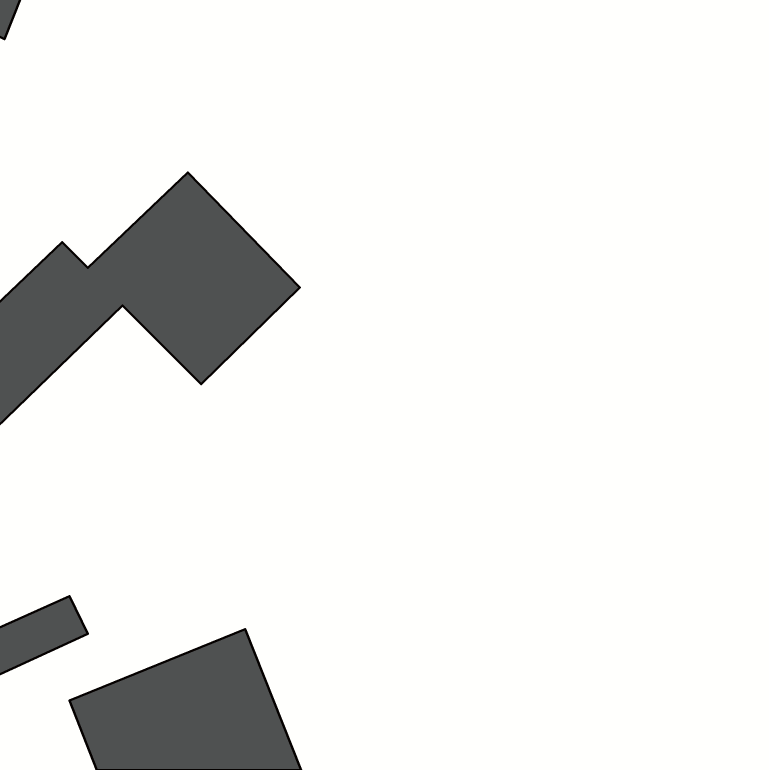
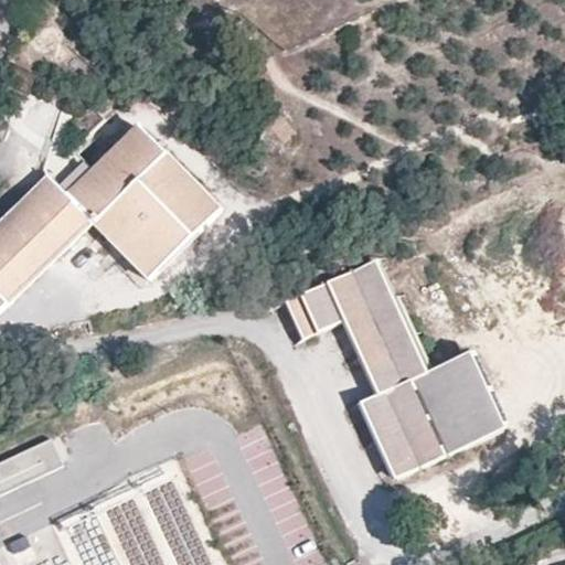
building: none -> [282,258,503,479]

